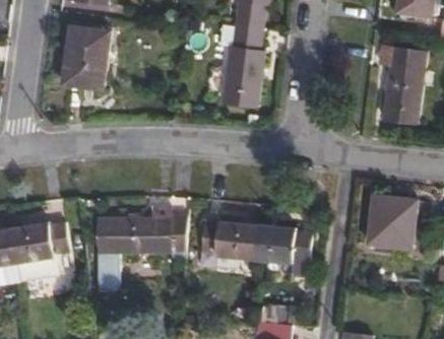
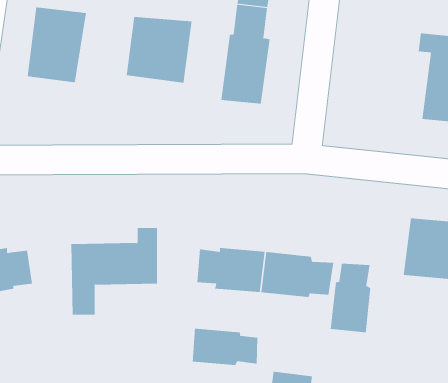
building: none -> [126,16,192,84]
building: none -> [330,263,371,333]
building: none -> [192,328,258,366]

